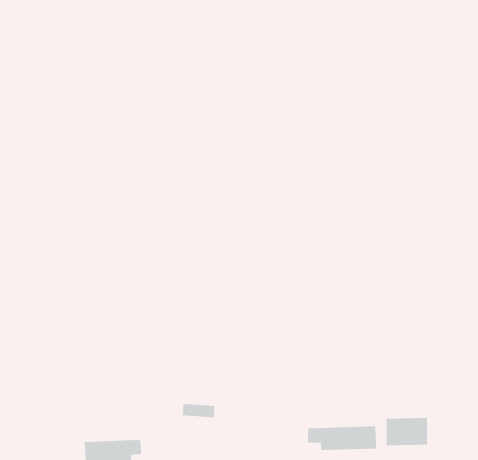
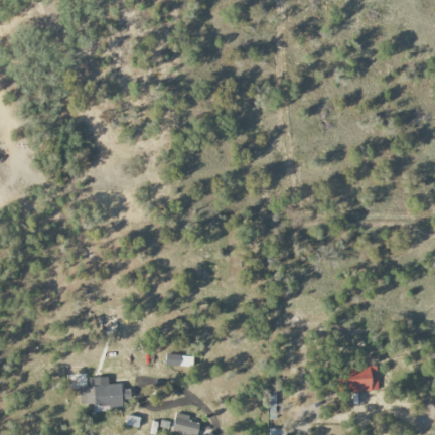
building: [307,425,377,451] -> none

